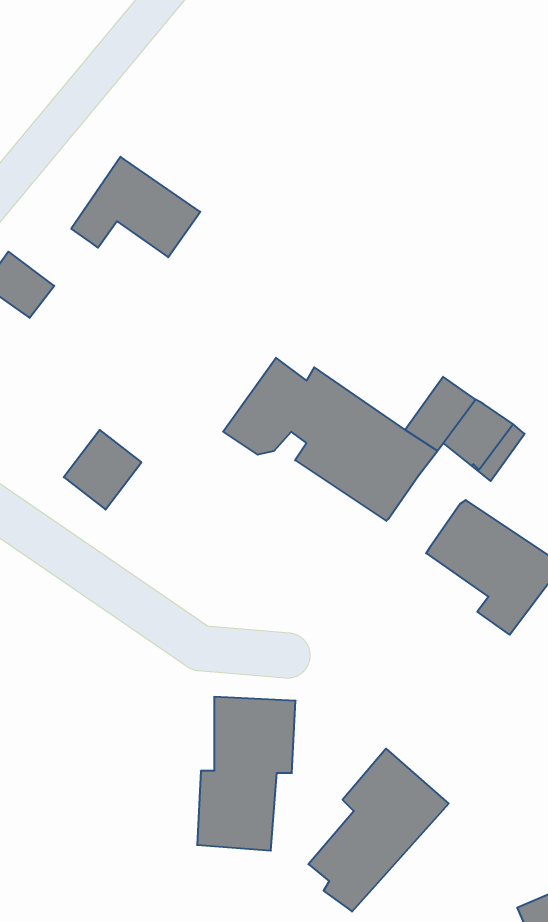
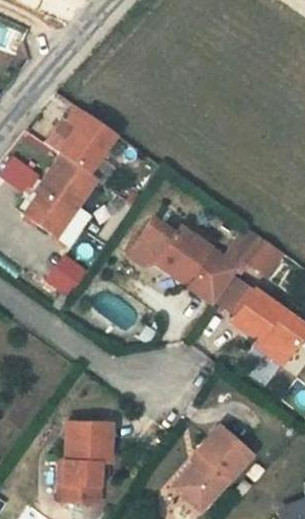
building: none -> [26,143,116,246]
building: none -> [218,279,256,317]
building: [197,697,296,851] -> [55,424,107,506]

